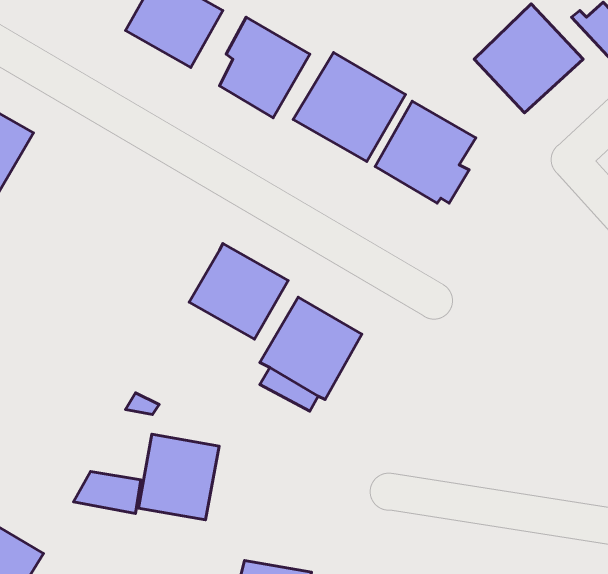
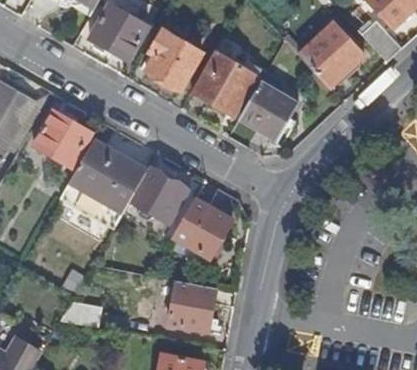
building: none -> [33,109,91,166]
building: none -> [69,139,147,211]
building: [139,434,219,520] -> [168,280,216,331]

